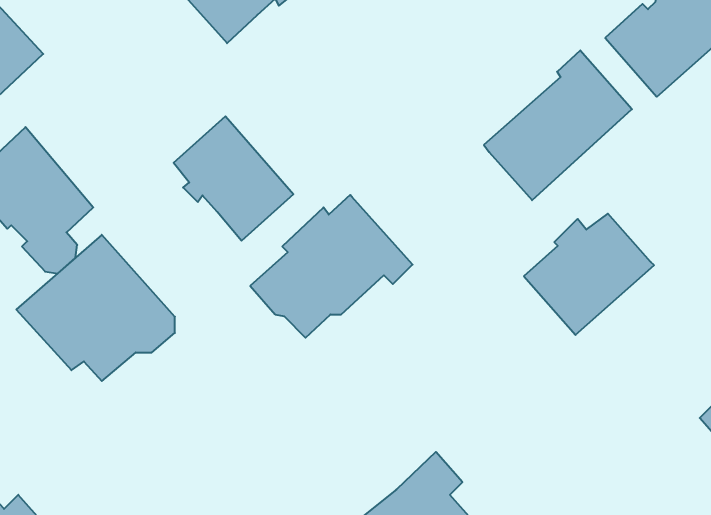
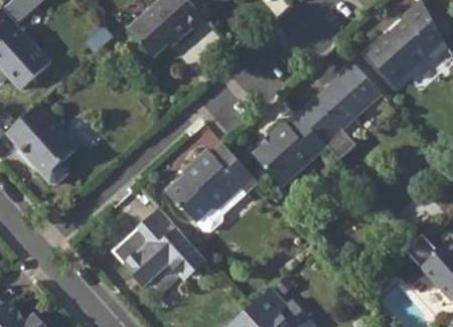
building: [174,116,293,241] -> none
building: [524,214,654,335] -> [253,118,326,186]
building: [16,235,175,381] -> [112,210,201,293]

